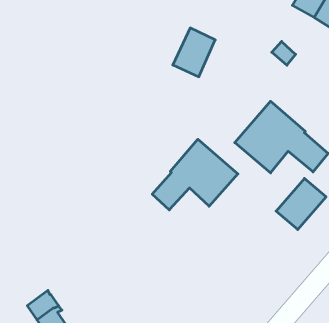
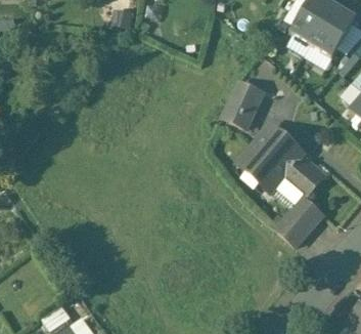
building: [173,28,215,77] -> [221,81,261,127]
building: [152,139,238,210] -> none

